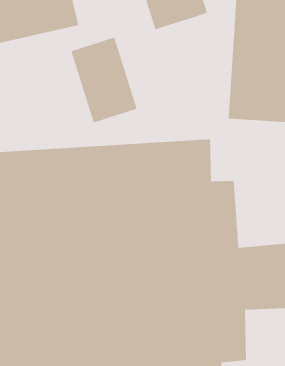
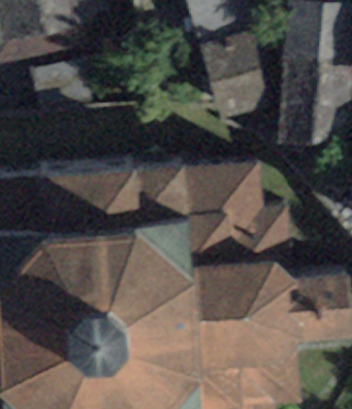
building: [70,37,138,123] -> [201,26,275,120]

